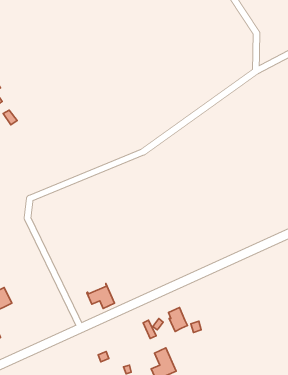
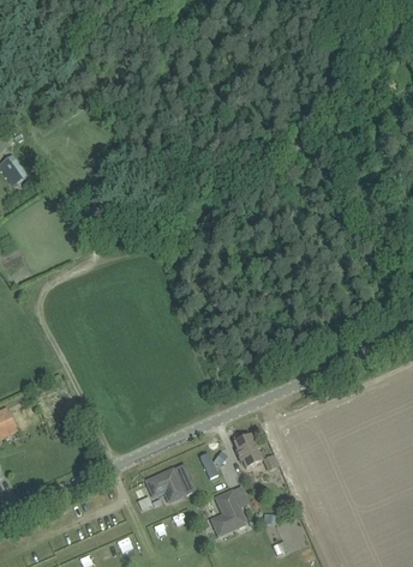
building: [87,283,114,309] -> [146,468,185,502]

